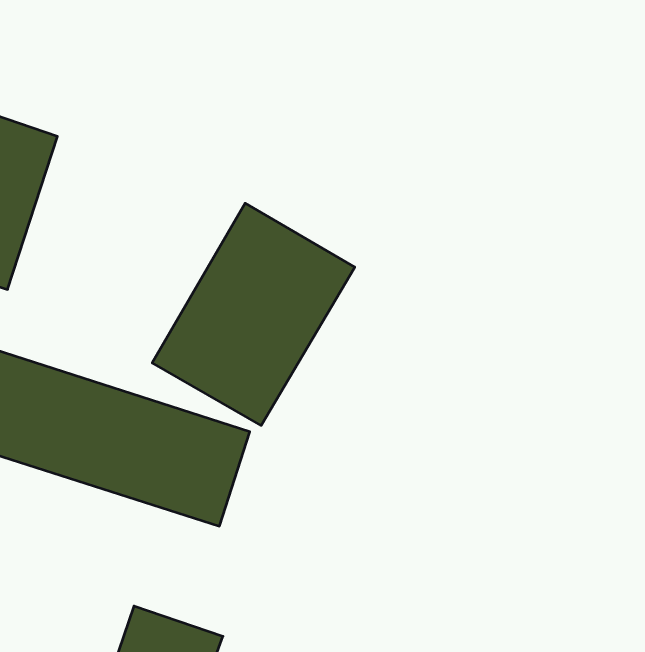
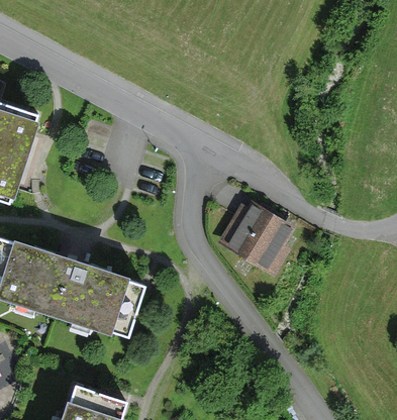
building: [152,203,355,425] -> none
building: none -> [218,207,283,269]

